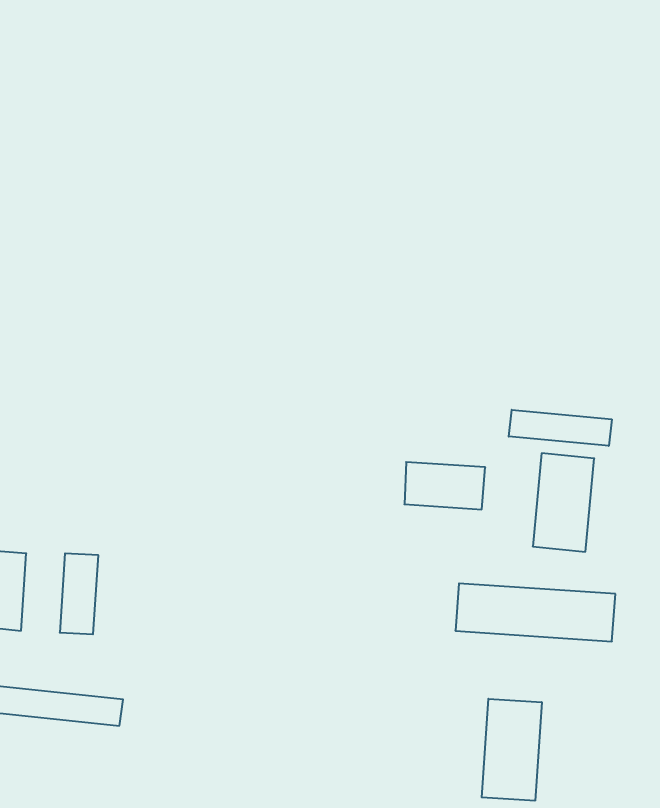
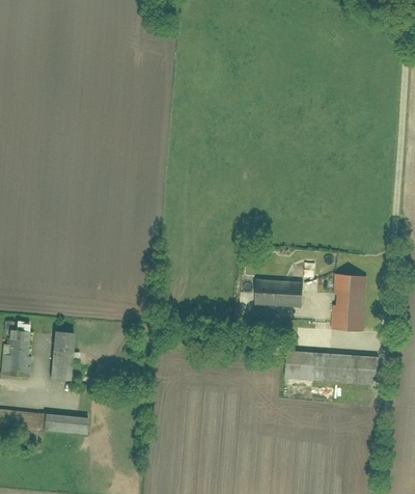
building: [509,410,612,446] -> none
building: [482,699,542,801] -> none

